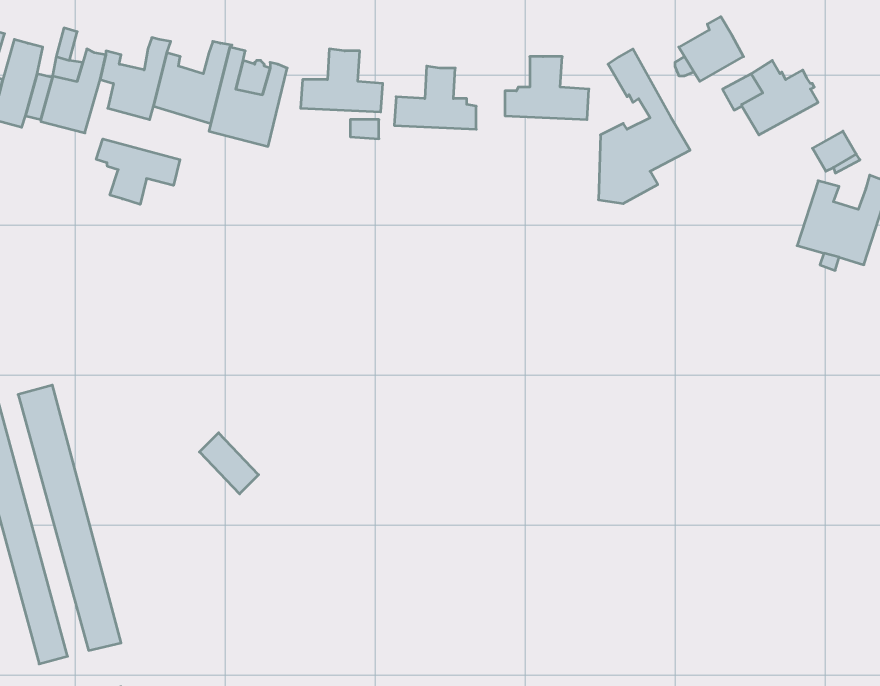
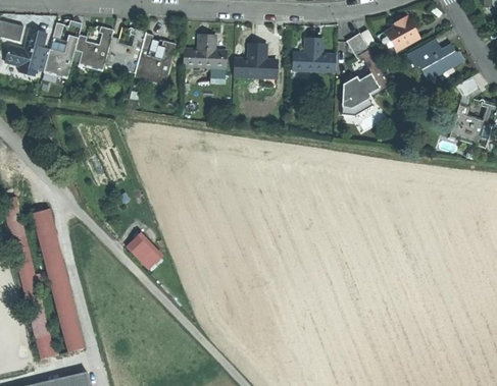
building: [96,139,180,204] -> none

